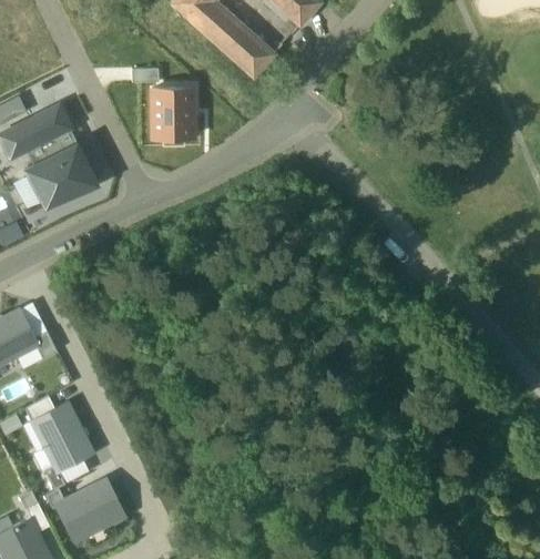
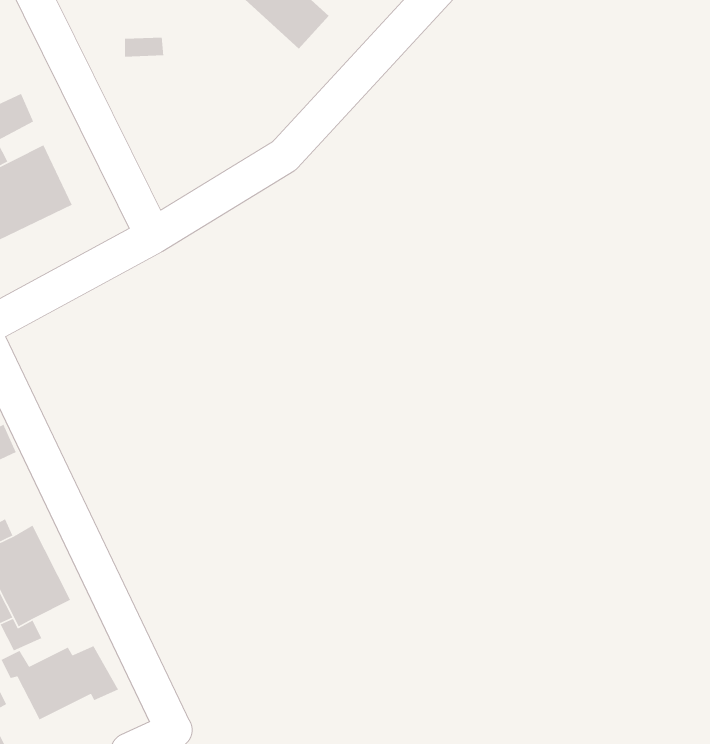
building: [151,85,193,135] -> none

